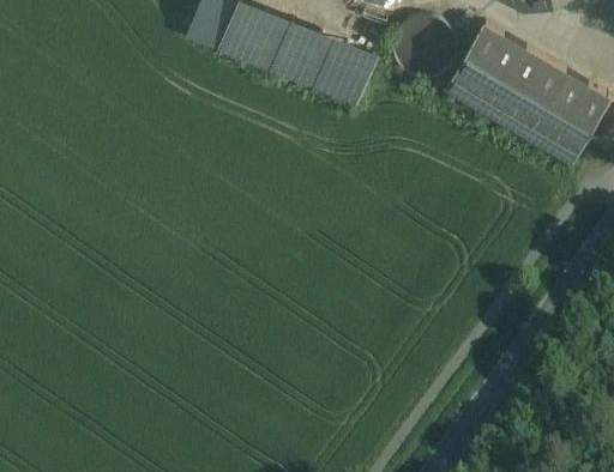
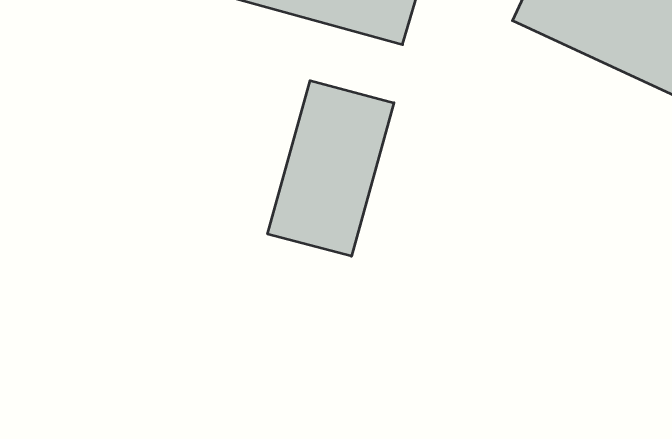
building: none -> [268,81,394,256]

